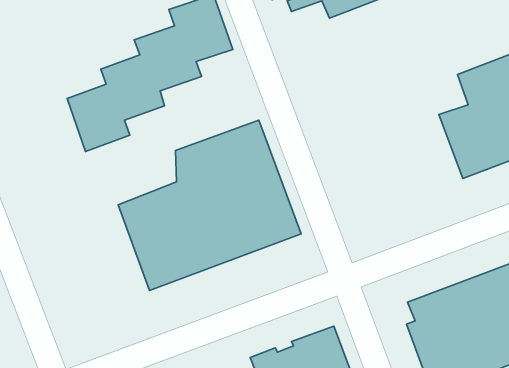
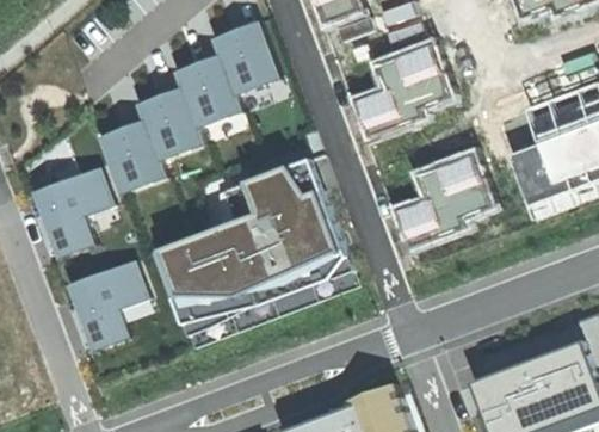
building: none -> [351,39,449,137]
building: none -> [391,152,490,245]
building: none -> [31,165,115,260]
building: none -> [66,260,147,351]

